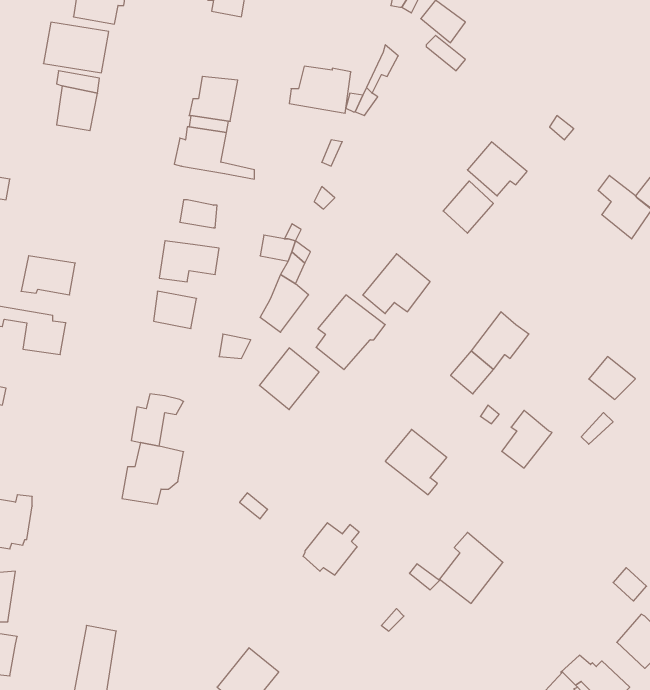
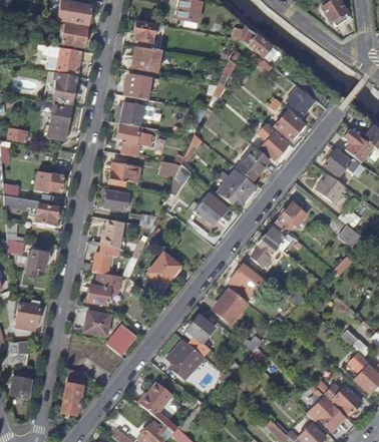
building: [289,66,351,113] -> [128,47,161,72]
building: none -> [287,86,315,114]
building: none -> [48,105,71,139]
building: none -> [117,123,143,144]
building: none -> [238,146,270,180]
building: none -> [325,149,360,175]
building: none -> [315,176,346,204]
building: none -> [103,219,124,249]
building: [259,348,319,410] -> [147,253,179,286]
building: none -> [27,250,50,276]
building: [502,410,552,468] -> [252,235,279,266]
building: none -> [86,311,110,336]
building: [439,532,503,603] -> [214,287,248,325]
building: none -> [106,325,134,354]
building: none -> [167,342,206,381]

